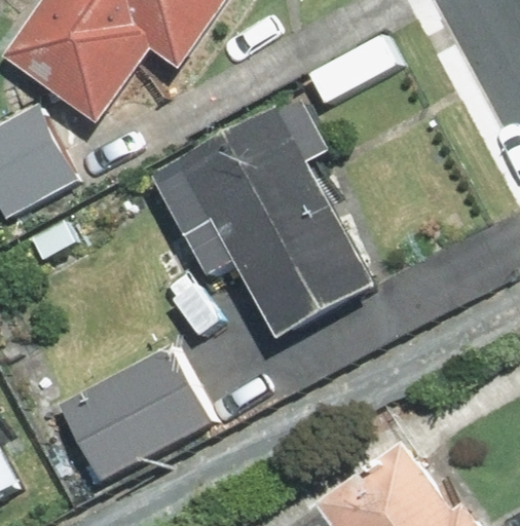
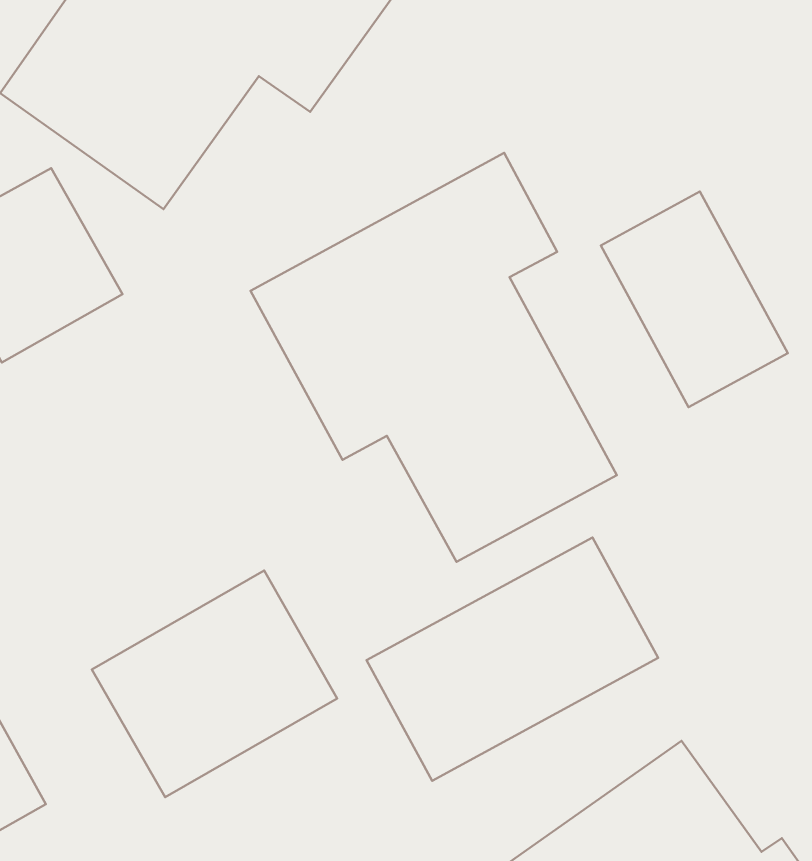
building: none -> [601,191,788,407]
building: none -> [367,537,658,781]

